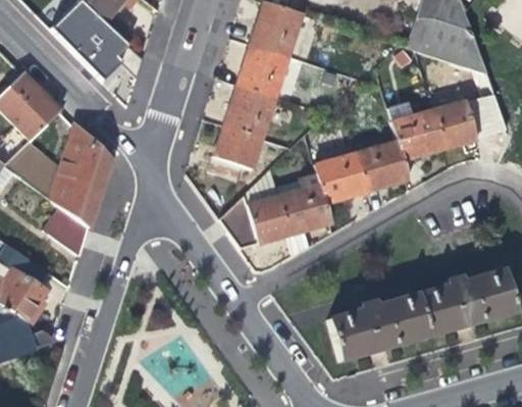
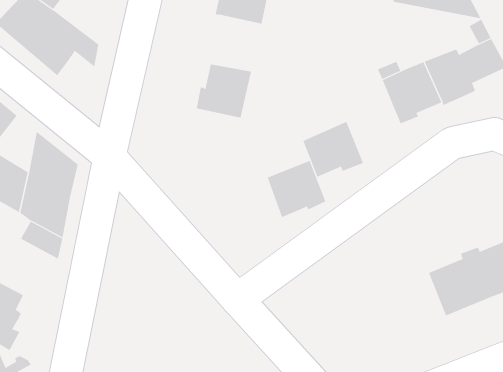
building: [234,43,290,97] -> none
building: [207,124,261,181] -> none
building: [356,139,408,191] -> none
building: [219,169,289,248] -> none
building: [327,296,425,360] -> none

